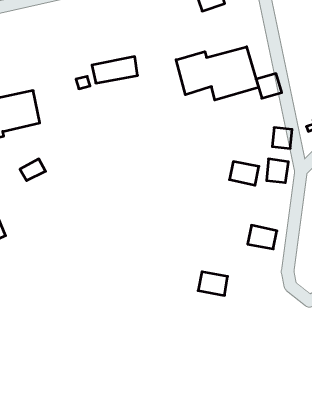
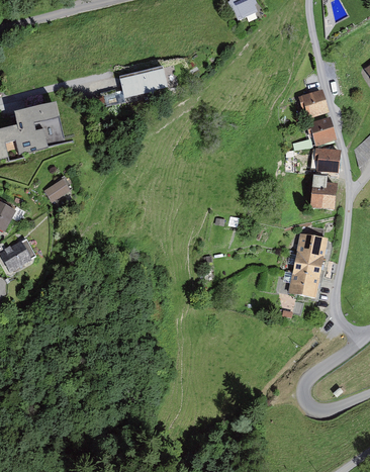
building: [176,47,258,100] -> none
building: none -> [308,117,334,141]
building: [229,162,259,185] -> [293,230,325,256]
building: [198,272,228,295] -> [285,270,316,295]

